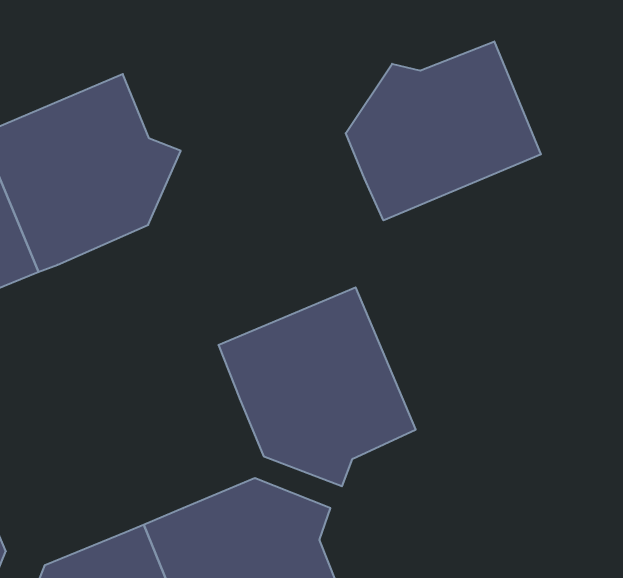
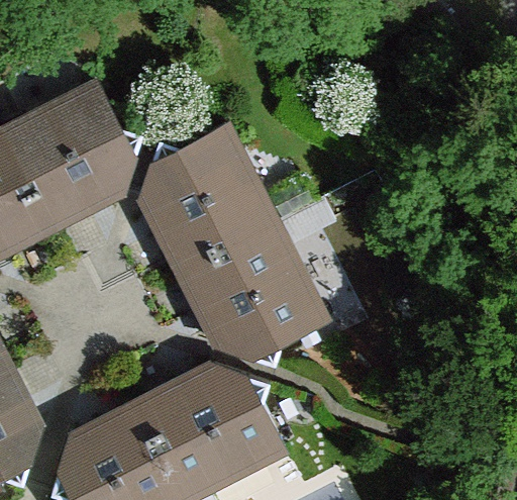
building: [346,41,541,220] -> none
building: none -> [142,124,276,272]

